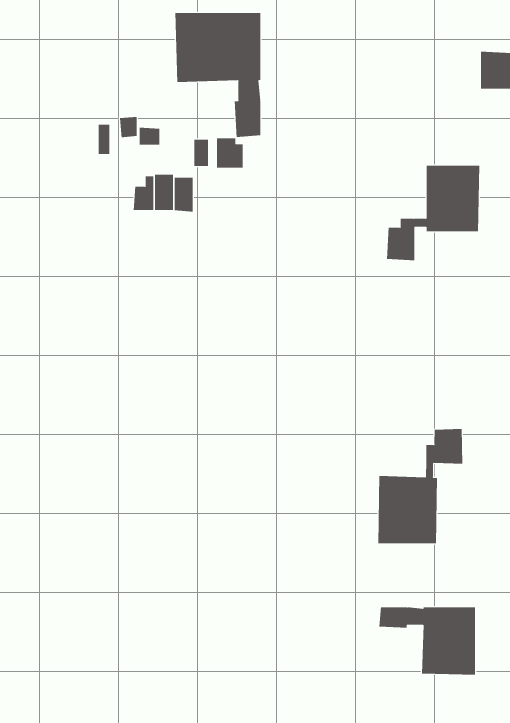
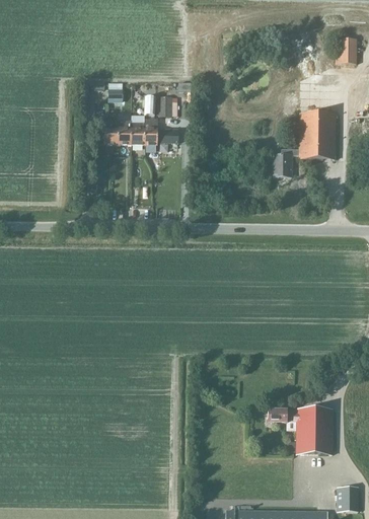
building: [175,12,261,138] -> none
building: none -> [145,119,179,145]
building: [378,428,463,544] -> none

